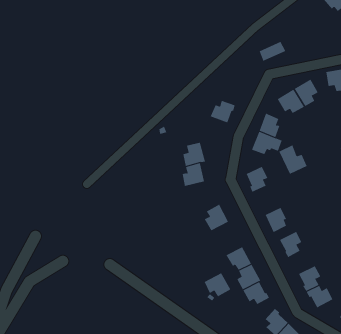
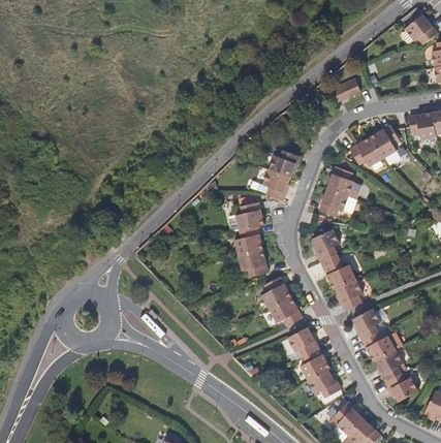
building: none -> [260,169,290,200]
building: [278,145,307,175] -> [319,253,354,289]
building: none -> [238,248,267,276]
building: none -> [363,331,396,360]
building: [204,272,231,297] -> [270,296,303,326]

